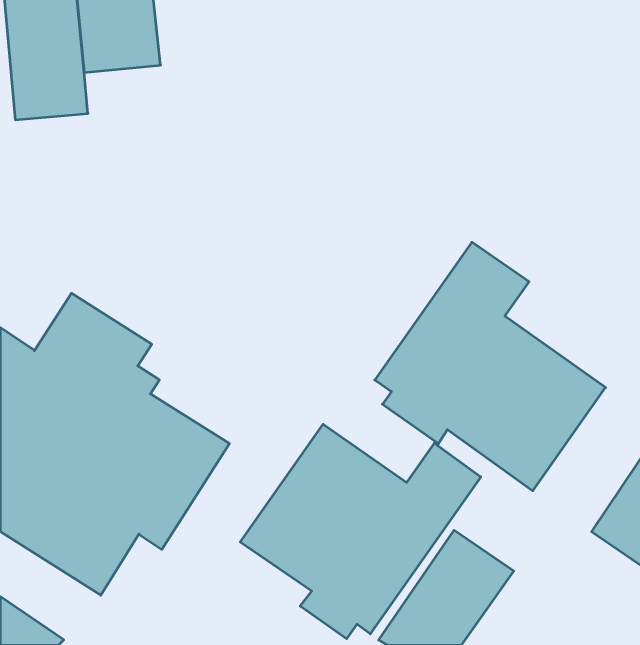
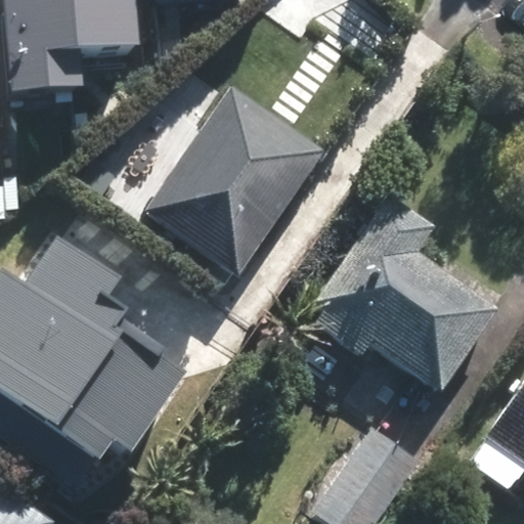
building: none -> [142,85,324,277]
building: [240,424,481,639] -> none

